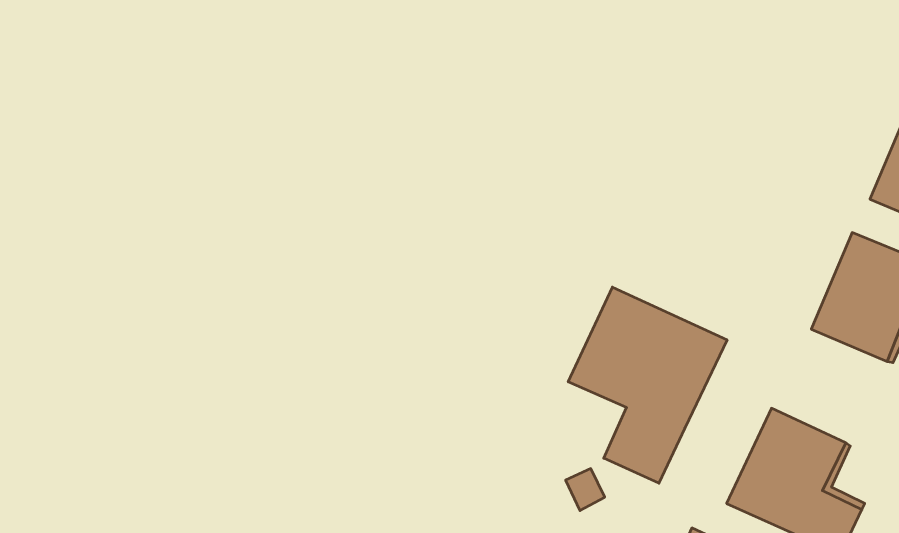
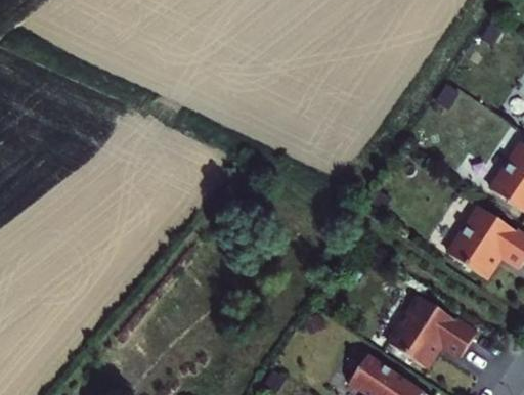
building: [568,287,727,483] -> none

